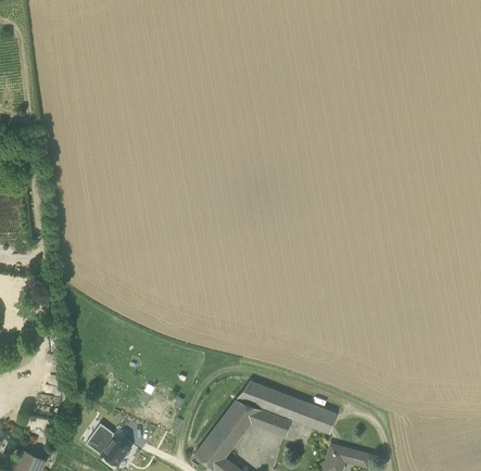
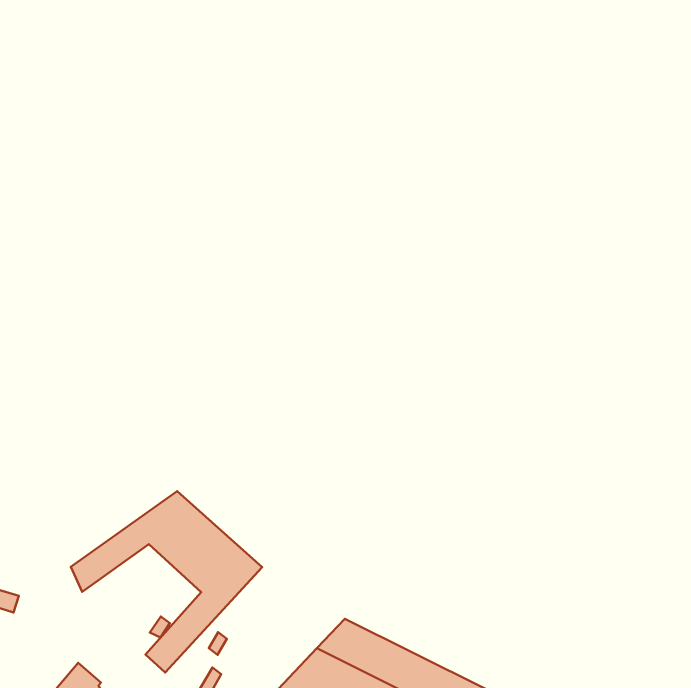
building: none -> [71,491,262,672]

